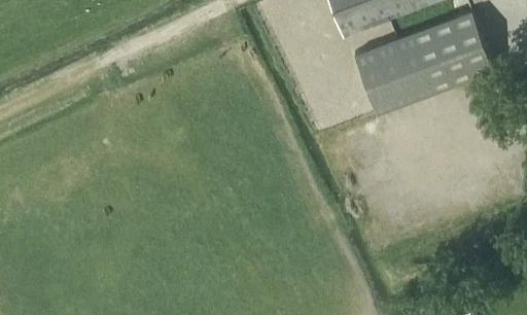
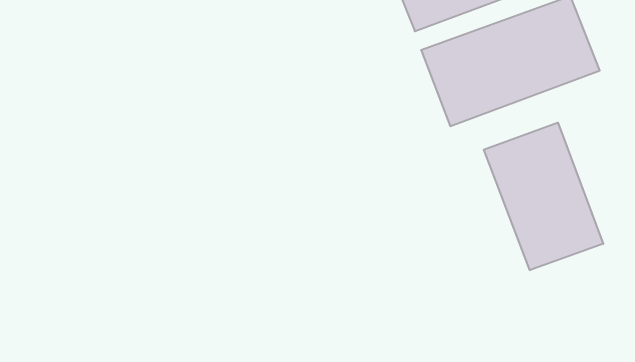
building: none -> [484,123,603,270]

